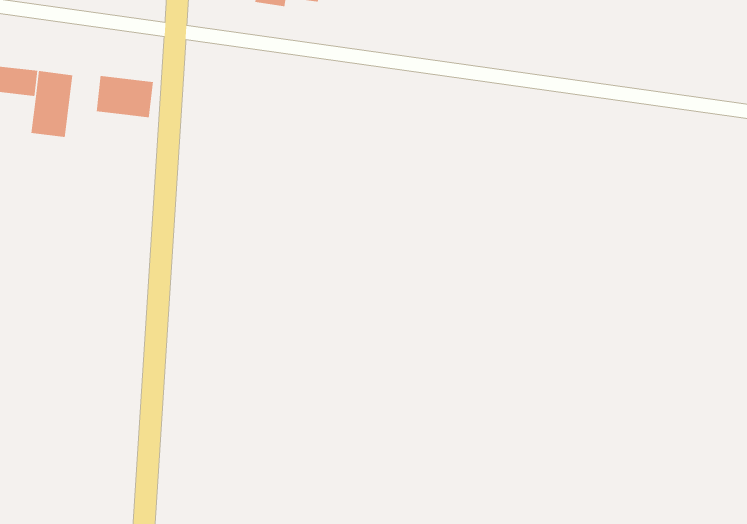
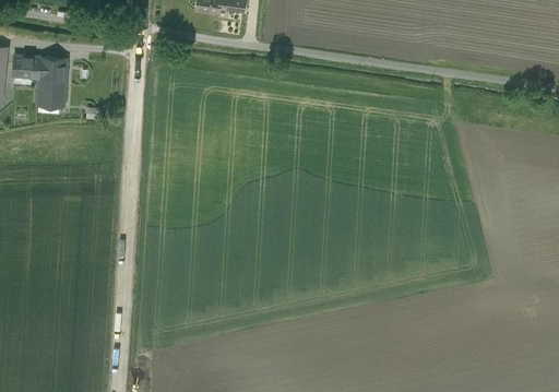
building: [96,75,153,118] -> none

